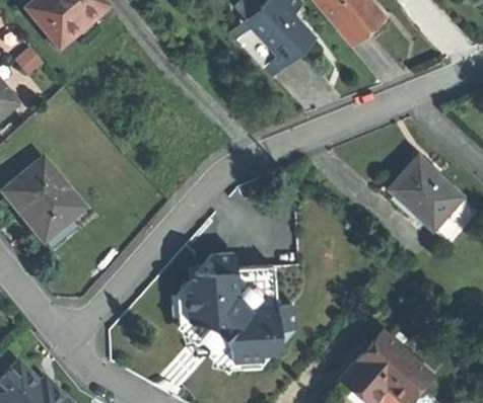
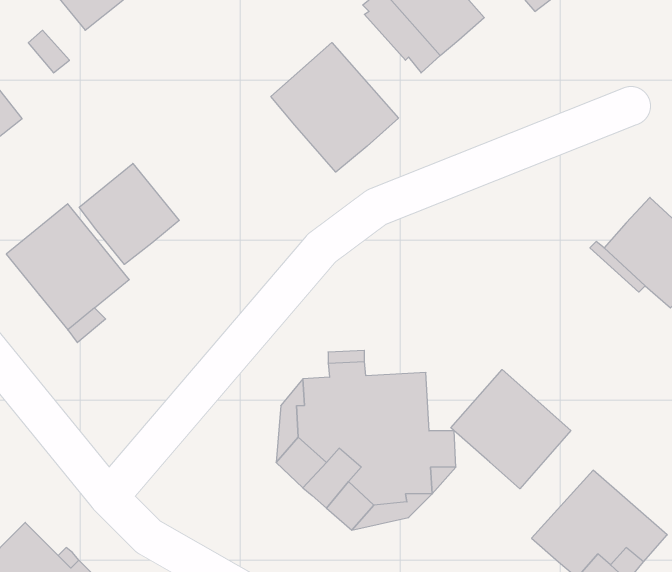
building: none -> [271,43,398,172]
building: none -> [79,163,179,264]
building: none -> [451,370,571,489]

